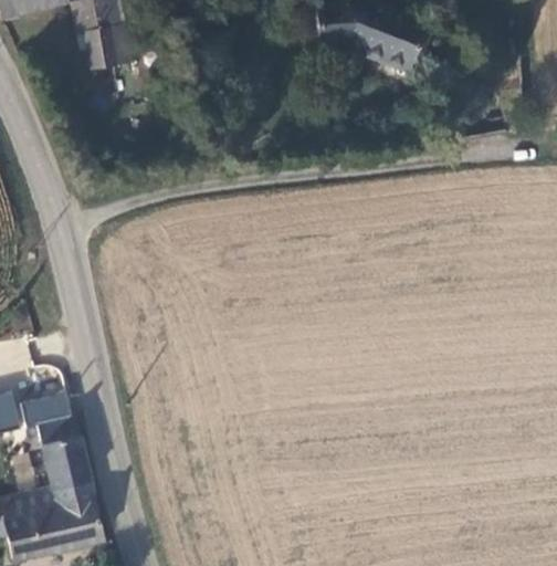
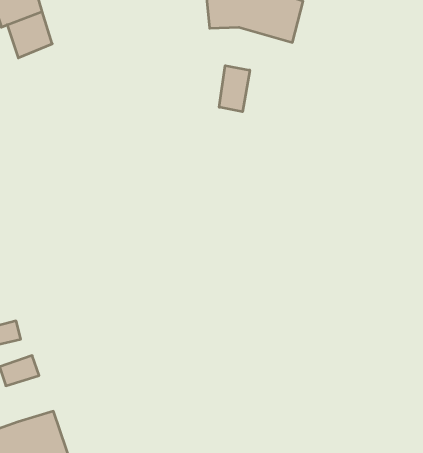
building: none -> [219,66,250,112]
building: [39,428,90,478] -> none

